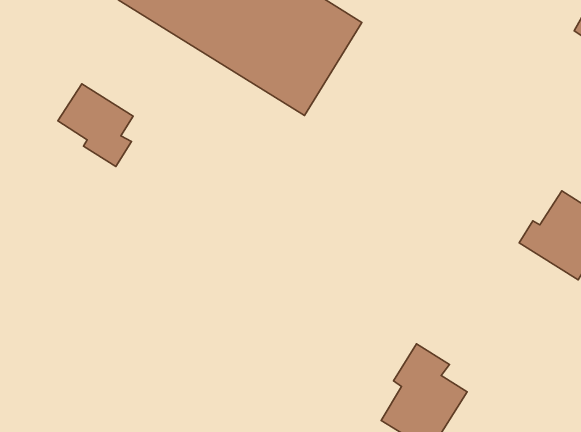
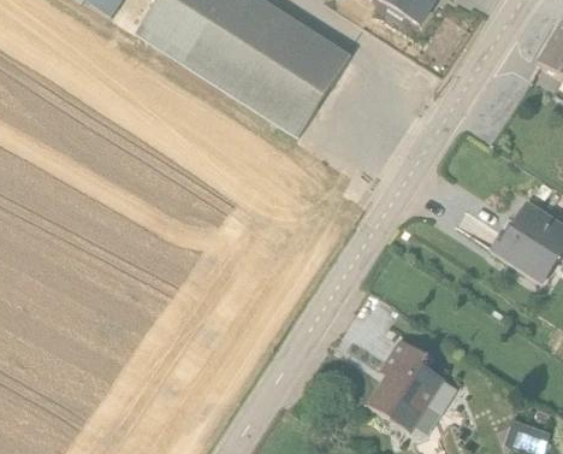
building: [58,84,133,166] -> none

